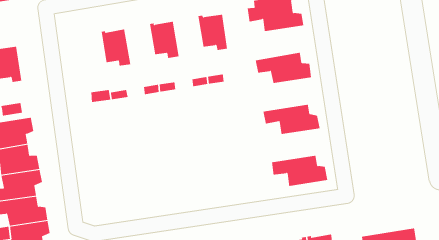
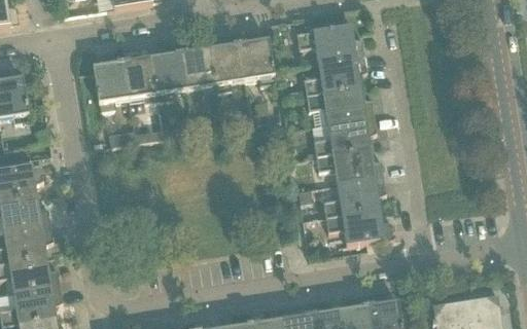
building: none -> [207,39,242,87]
building: none -> [149,48,184,97]
building: none -> [302,50,365,92]
building: none -> [92,58,127,106]
building: none -> [309,112,375,152]
building: none -> [320,173,384,213]

